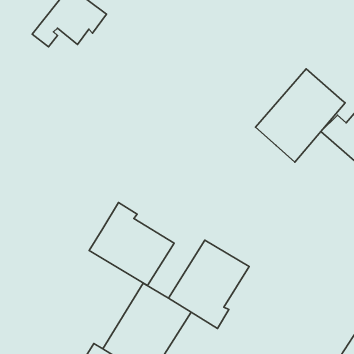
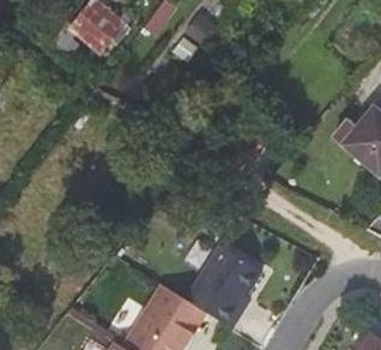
building: [255,69,345,162] -> none
building: [89,202,174,286] -> none

